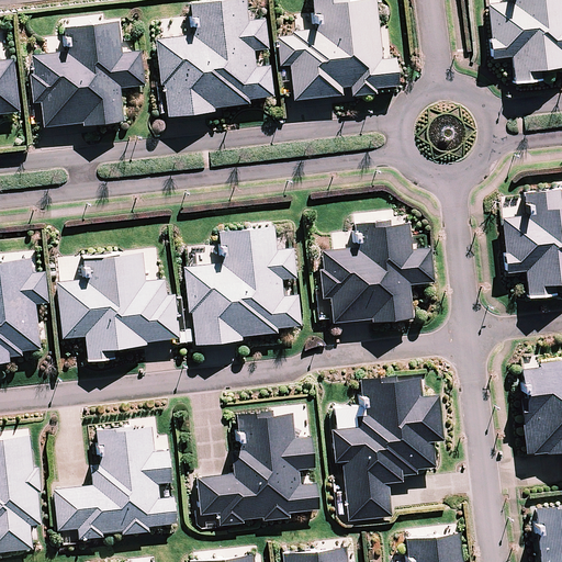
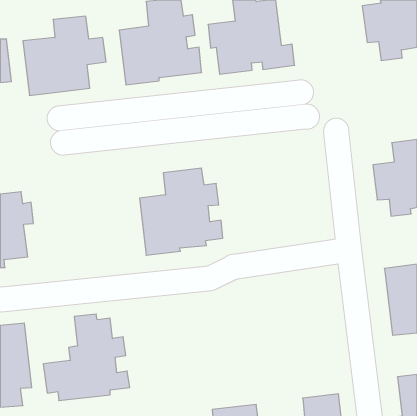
building: [319,222,431,323] -> none
building: [59,255,178,360] -> none
building: [331,379,445,517] -> none
building: [201,408,315,526] -> none

